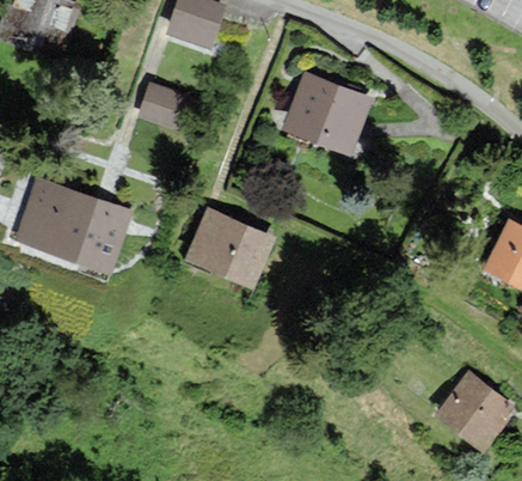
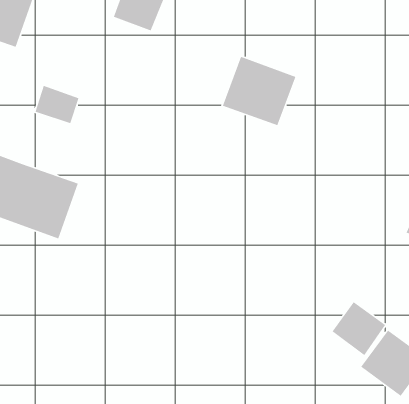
building: [140,86,189,129] -> [35,85,80,124]
building: [186,211,274,287] -> none
building: none -> [331,301,386,356]

